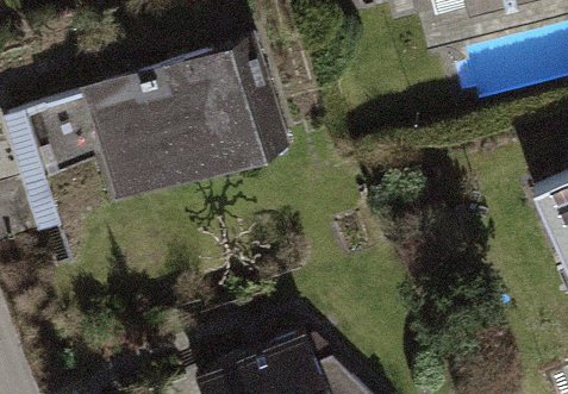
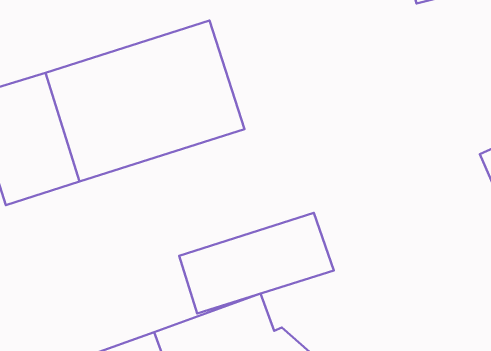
building: none -> [179,213,334,314]

